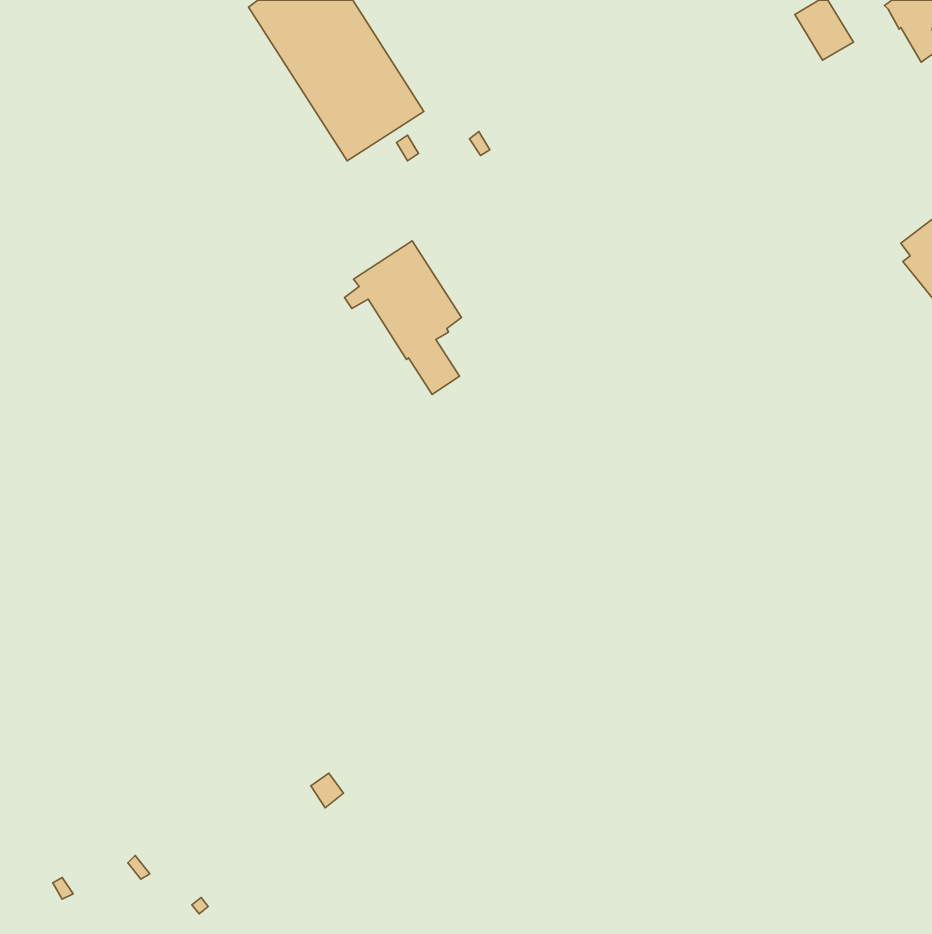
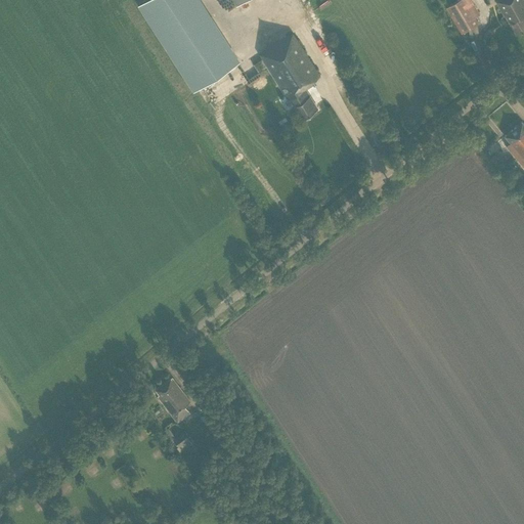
building: [344,241,461,394] -> [255,34,320,120]
building: none -> [157,378,191,423]

